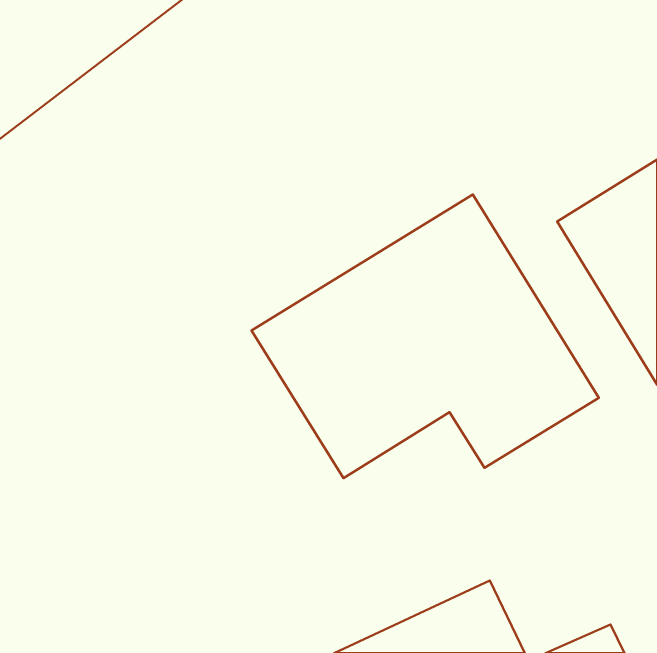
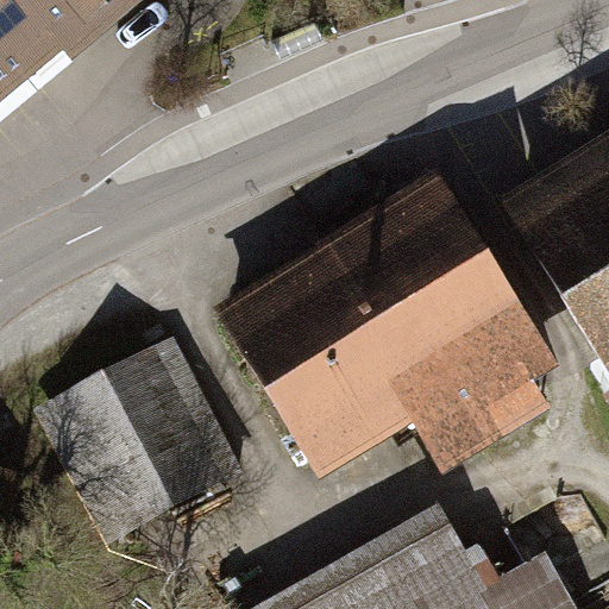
building: none -> [44,349,232,540]

